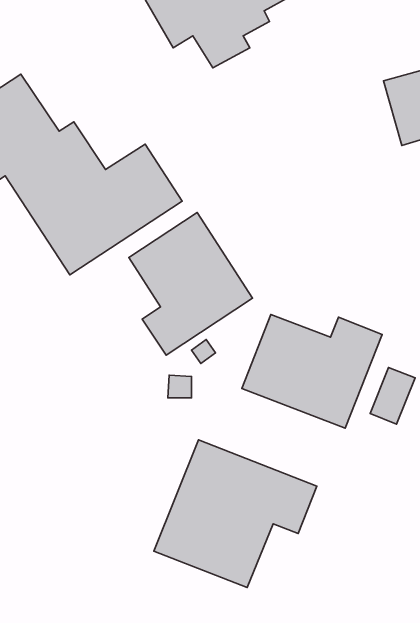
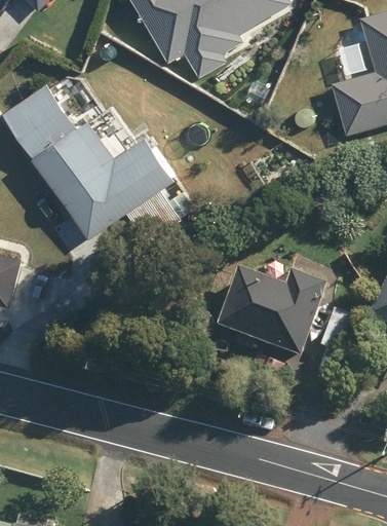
building: [129,213,253,355] -> none
building: [154,440,317,588] -> none

